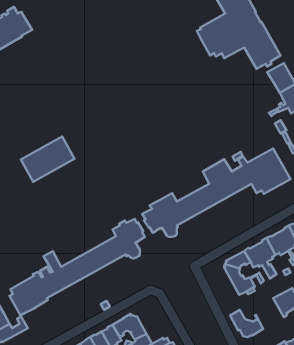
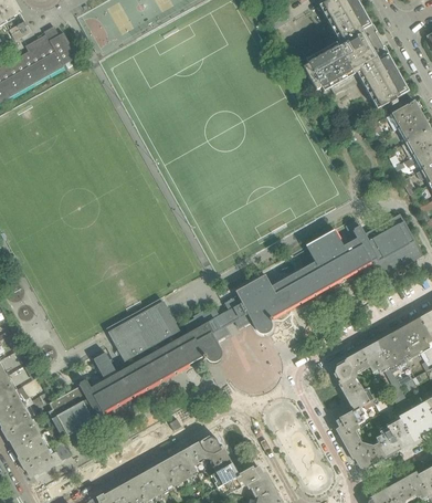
building: [21,136,75,182] -> [107,301,179,361]
building: none -> [336,408,365,438]
building: none -> [376,415,413,455]

